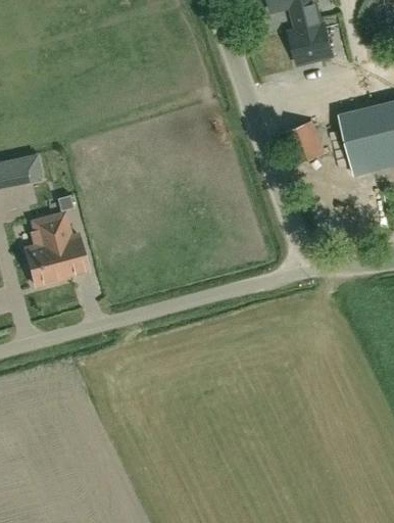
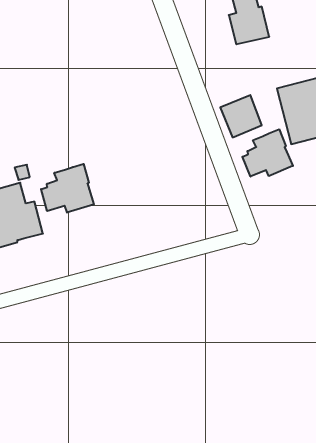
building: none -> [242,129,293,177]
building: none -> [41,164,94,213]

